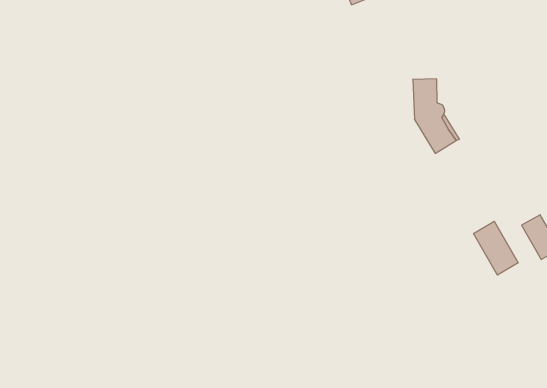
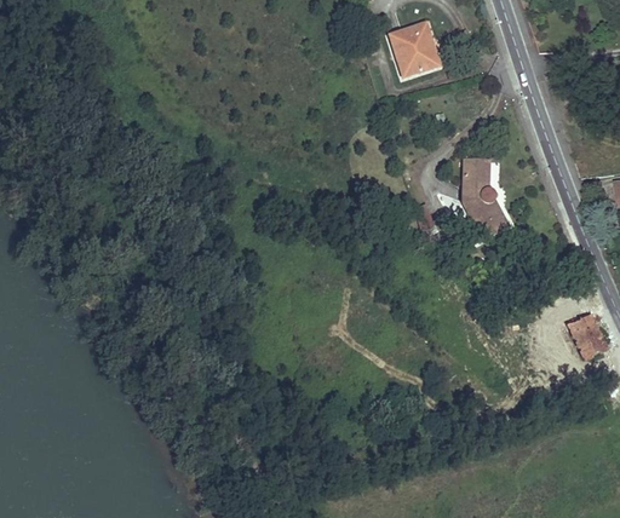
building: [474,221,518,275] -> none

